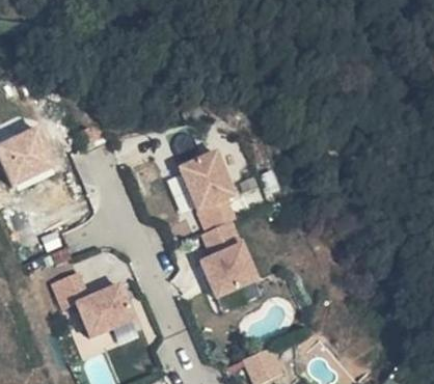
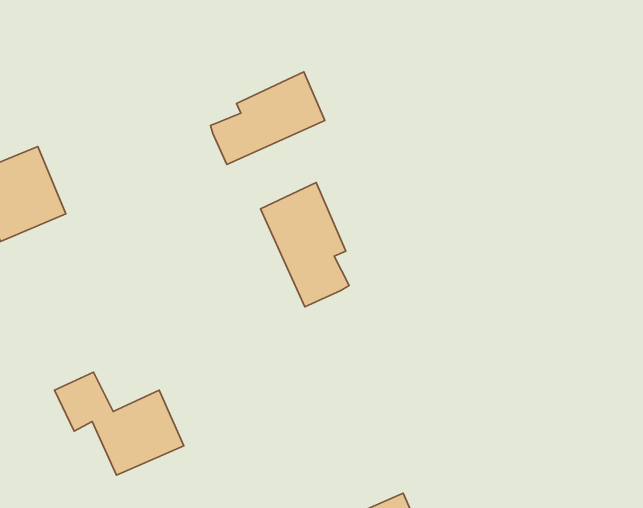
building: none -> [210,72,325,165]
building: [200,219,257,295] -> none

